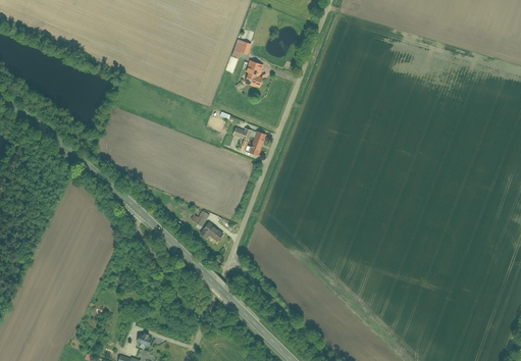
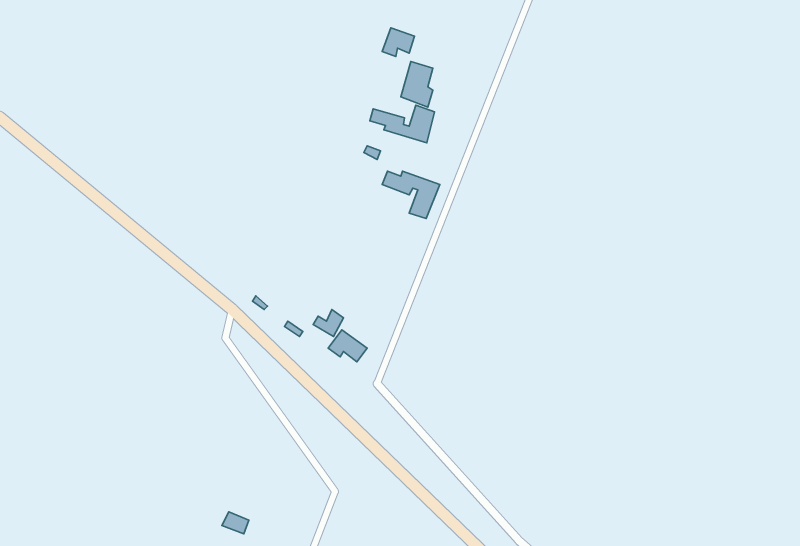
building: none -> [370,105,435,143]

